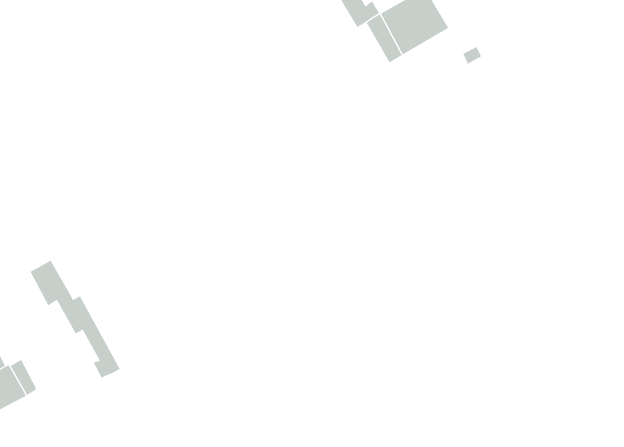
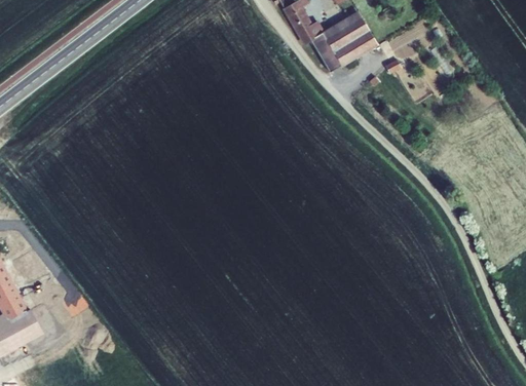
building: [30,260,120,379] -> none

